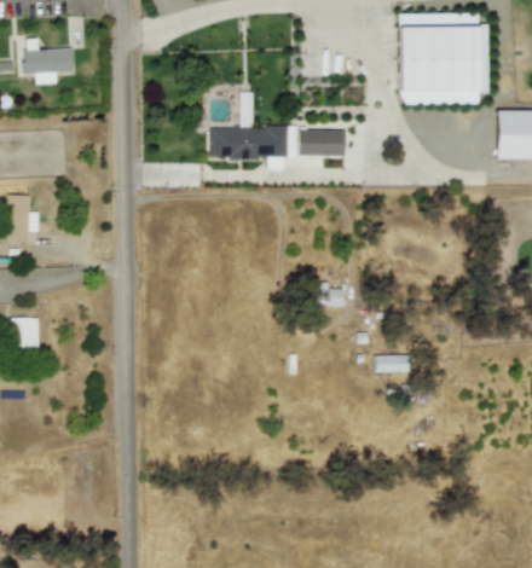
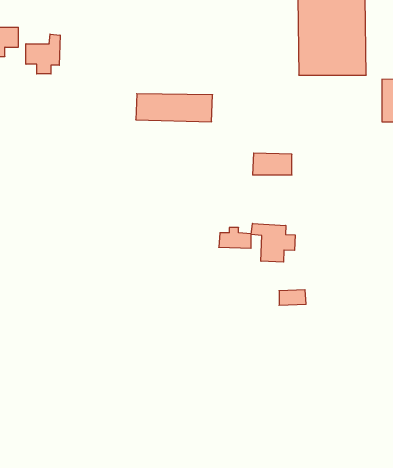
building: none -> [26,34,60,74]
building: [300,129,346,155] -> [253,153,292,175]
building: none -> [251,223,295,262]

